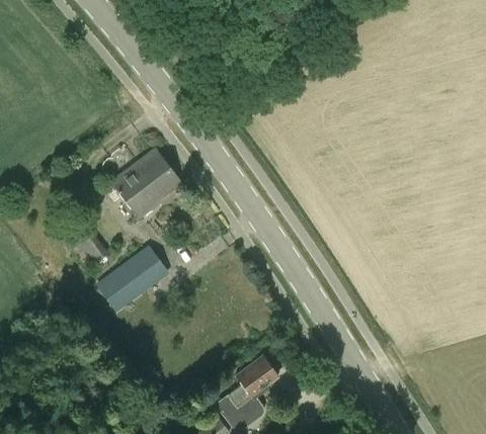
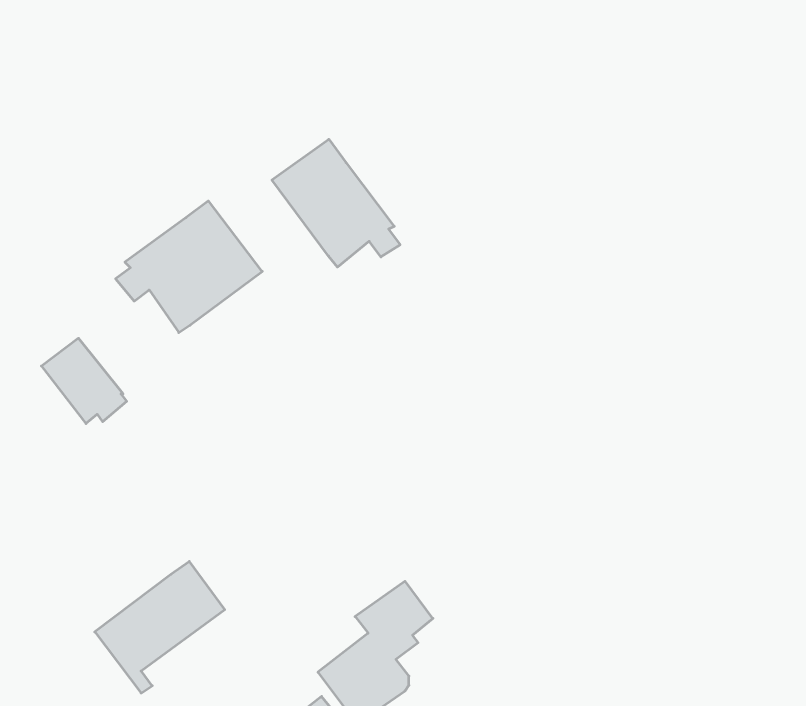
building: none -> [272,139,400,267]
building: [97,246,168,318] -> [95,561,225,693]

